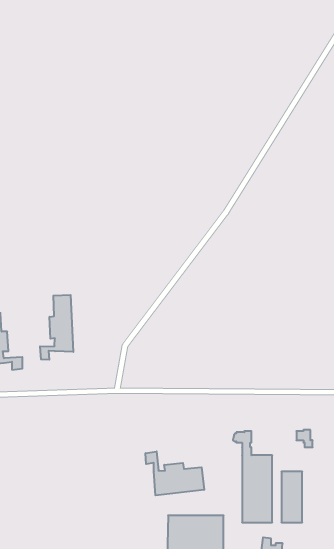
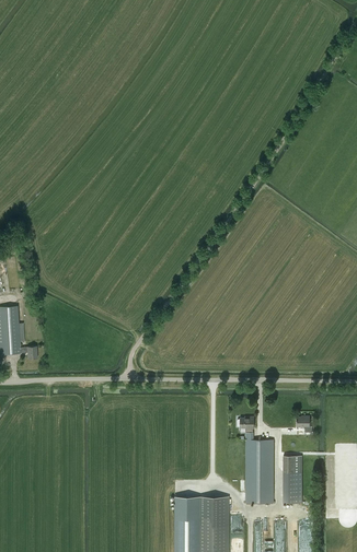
building: [40,295,73,360] -> none
building: [146,451,204,495] -> none

